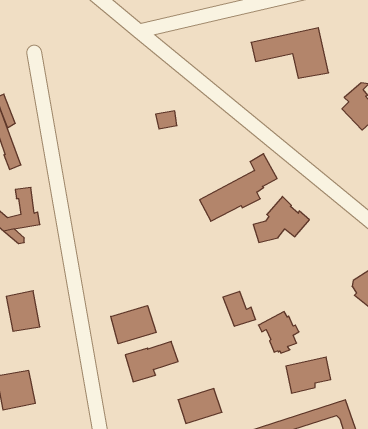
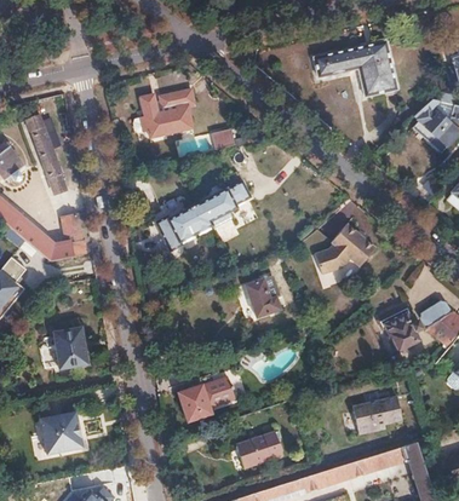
building: none -> [140,90,195,137]
building: [200,154,277,221] -> [167,169,251,242]
building: [223,291,256,326] -> [243,281,279,318]
building: [111,306,156,344] -> none
building: [258,312,299,353] -> [378,306,421,351]

